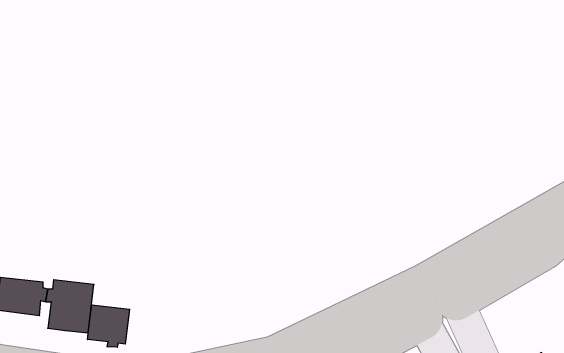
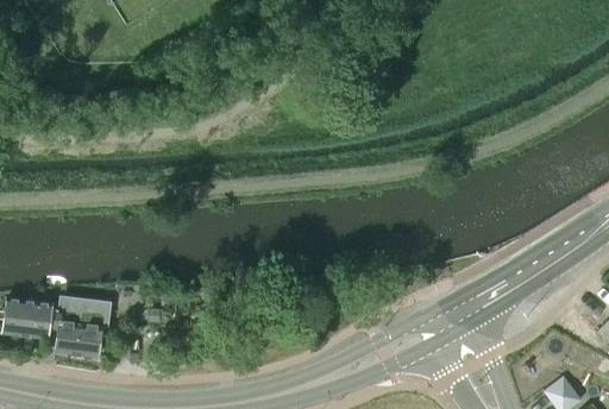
building: [88,305,130,347] -> none

